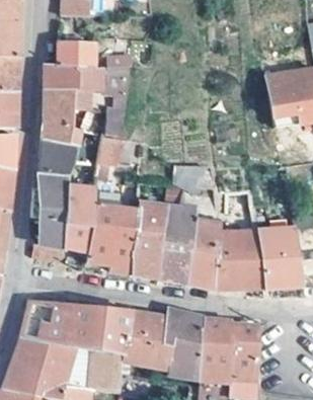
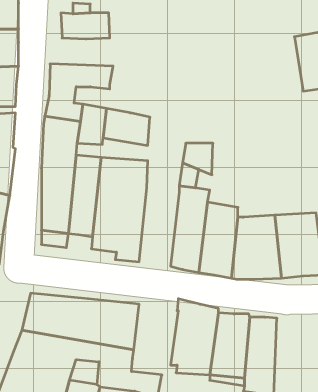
building: [48,65,130,110] -> none
building: [131,206,168,278] -> none
building: [125,314,167,371] -> none

